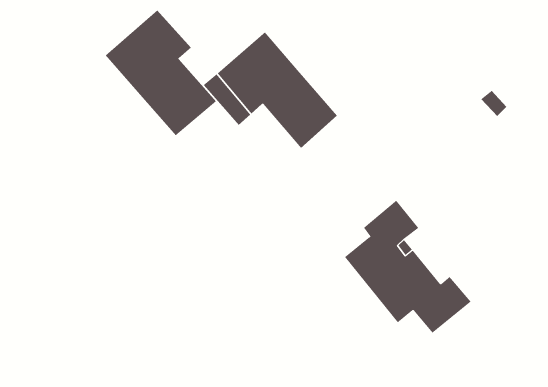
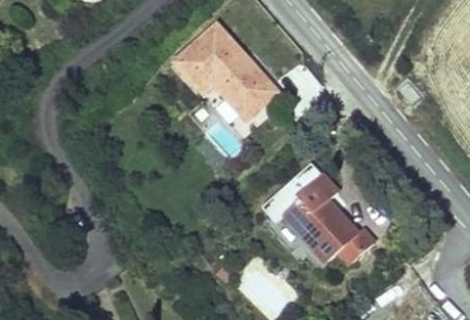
building: [105,9,217,136] -> none

